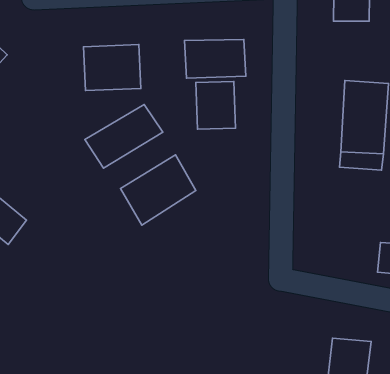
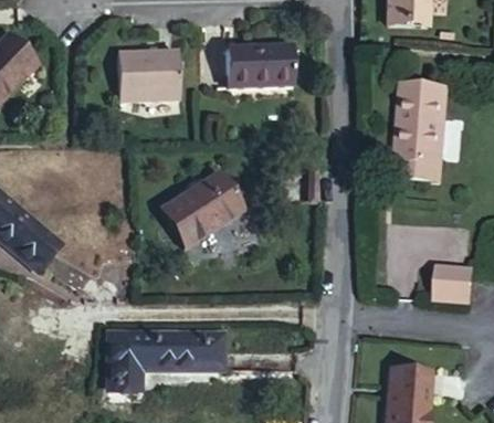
building: [196,82,236,129] -> none
building: [85,104,163,168] -> none
building: none -> [113,334,224,387]

